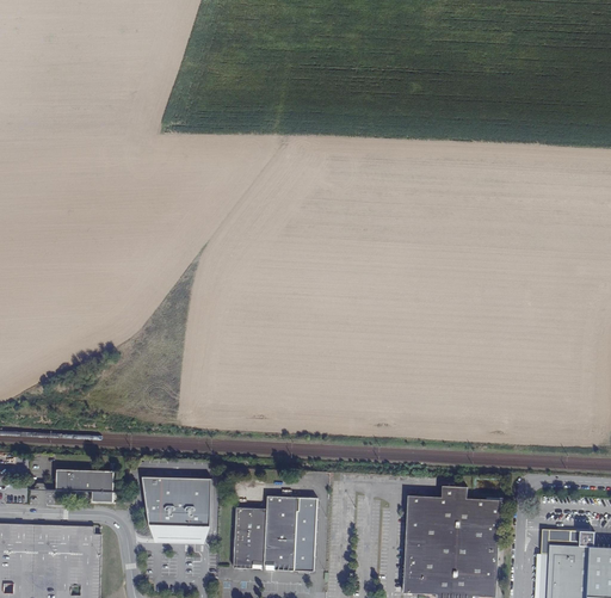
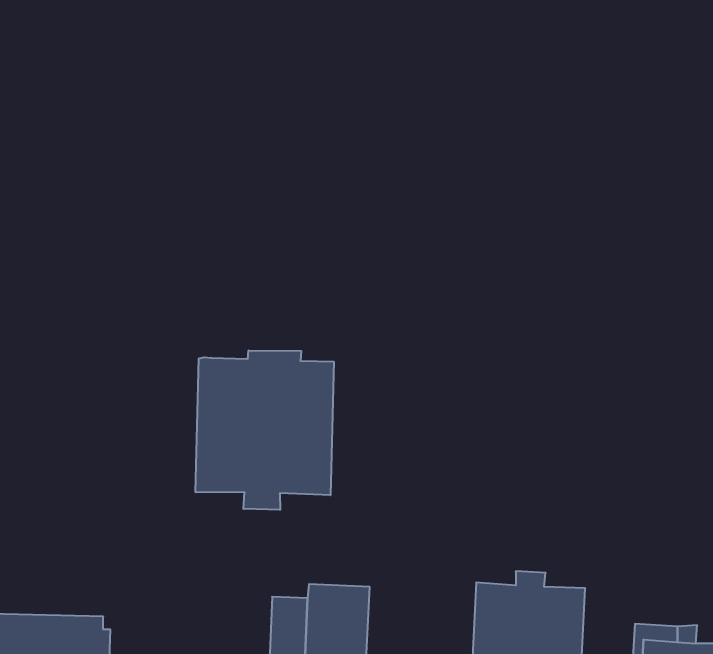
building: none -> [196,350,334,510]
building: [55,468,113,501] -> none
building: [141,474,210,543] -> none

